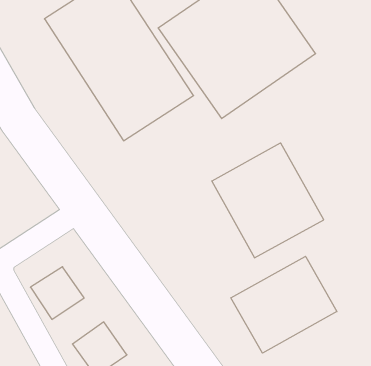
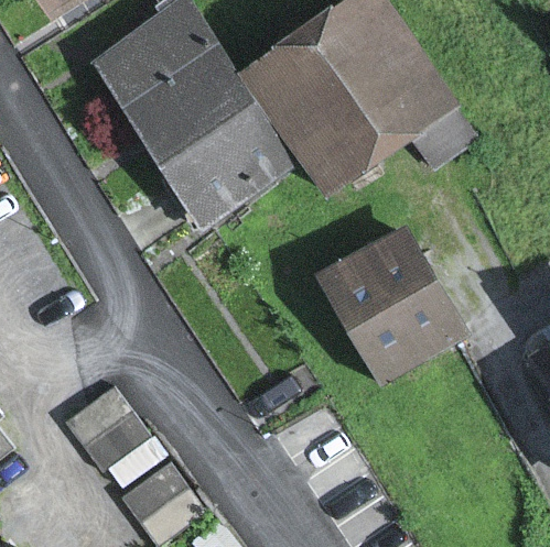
building: [231,256,337,353] -> none

